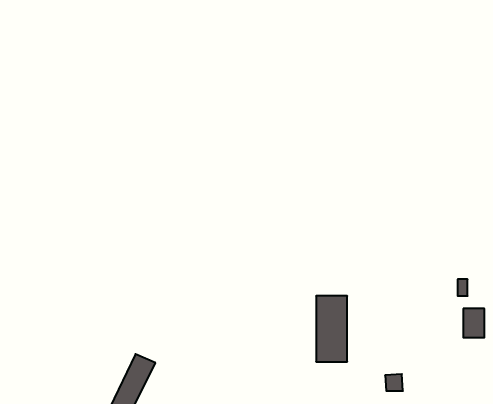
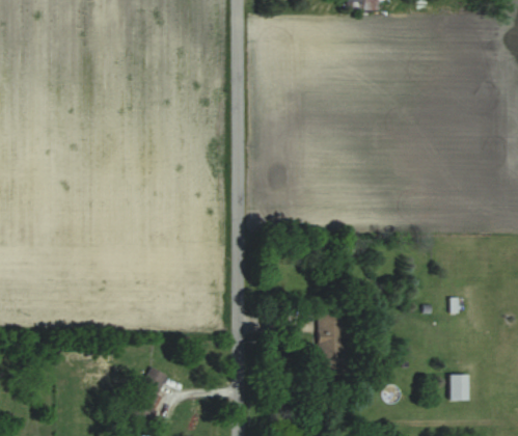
building: [463,309,484,338] -> [449,374,469,401]

